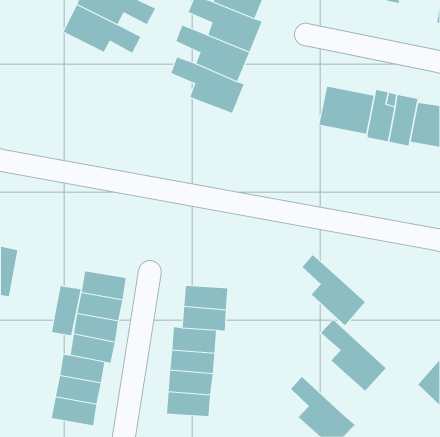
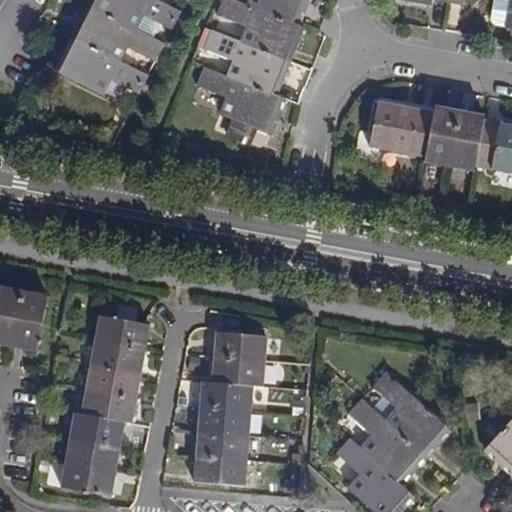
building: none -> [57,37,148,94]
building: [301,254,366,326] -> [349,399,424,483]
building: [51,286,81,336] -> [11,291,46,349]

